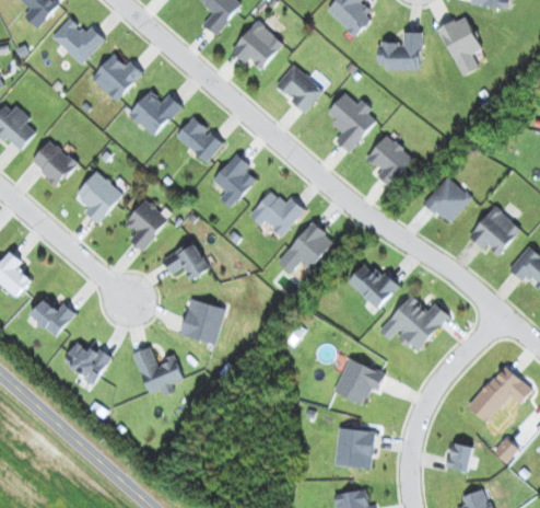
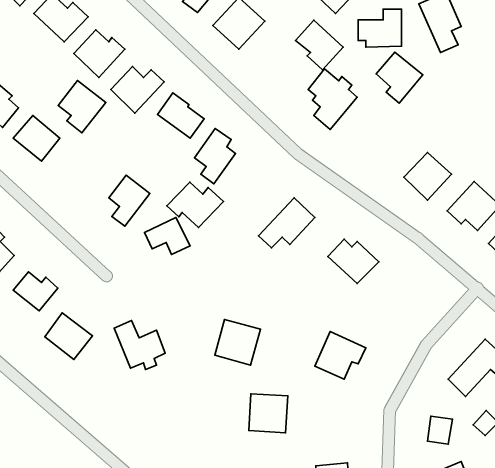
building: [274,64,322,114] -> [295,20,343,70]
building: [366,135,413,186] -> [376,52,423,103]
building: [74,171,122,223] -> [58,81,106,133]
building: [248,190,305,236] -> [167,182,223,228]
building: [378,295,448,351] -> none
building: [178,298,224,344] -> [215,320,260,365]
building: [334,428,374,467] -> [249,394,288,433]

